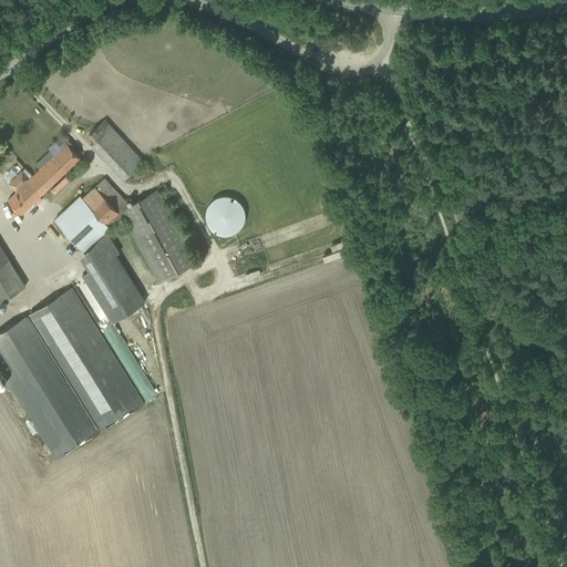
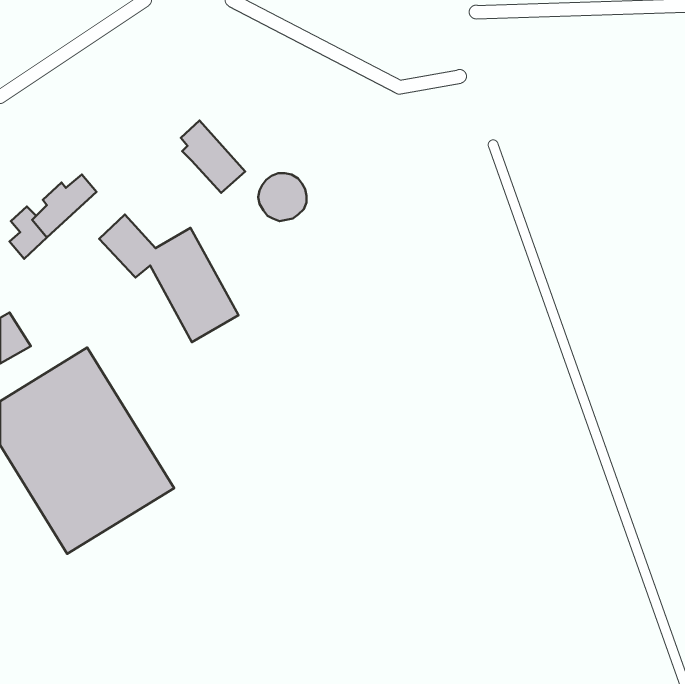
building: [90,120,143,179] -> [181,120,245,193]
building: [54,196,145,322] -> none
building: [205,196,245,236] -> [258,173,306,221]

